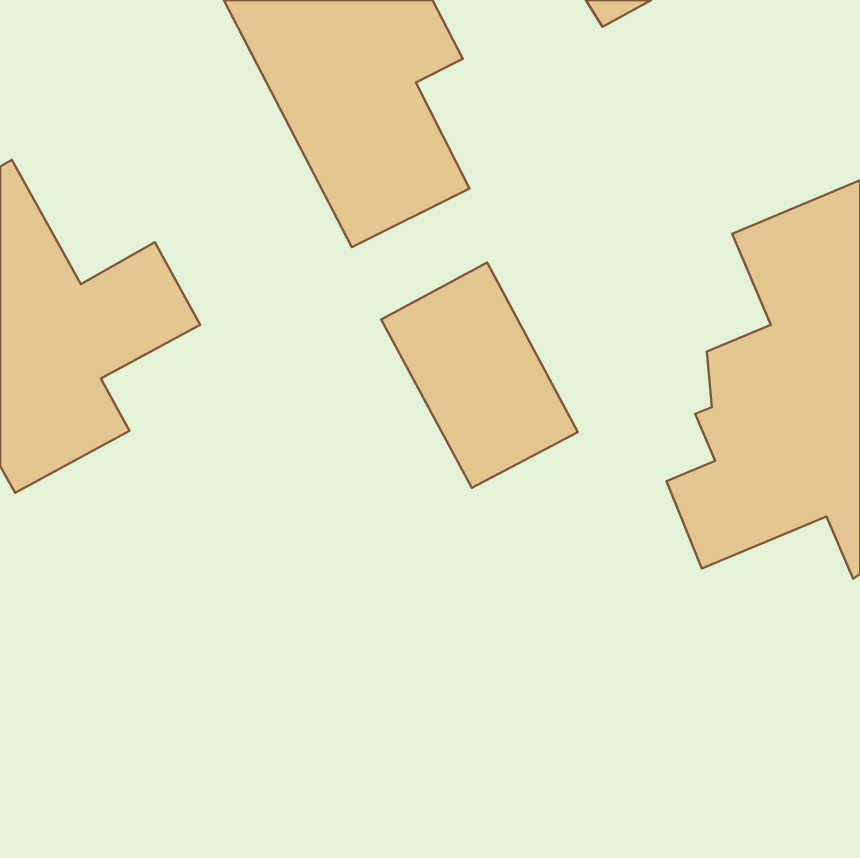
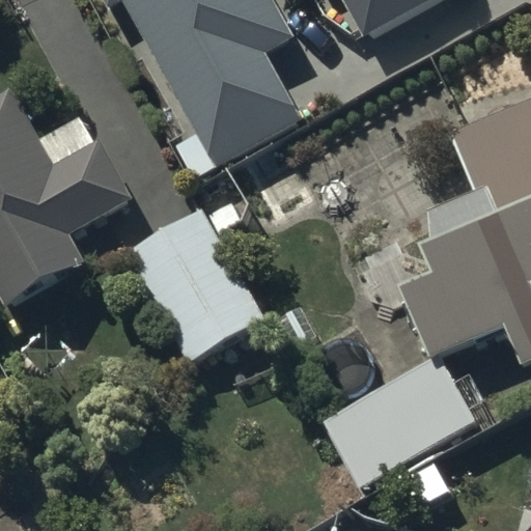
building: [381,262,578,488] -> [136,216,257,355]
building: none -> [330,360,463,477]

